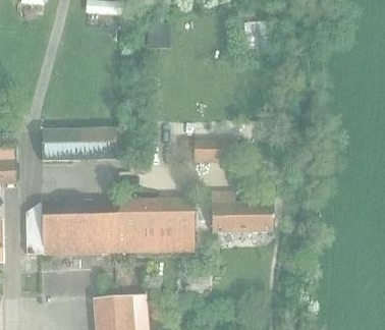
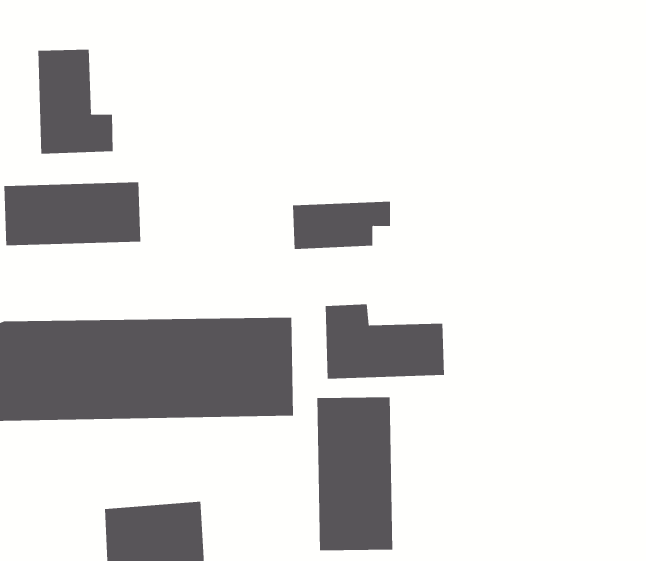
building: none -> [38,49,113,154]
building: none -> [317,397,393,551]

